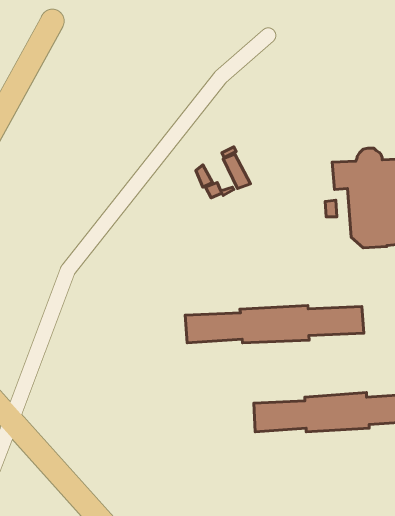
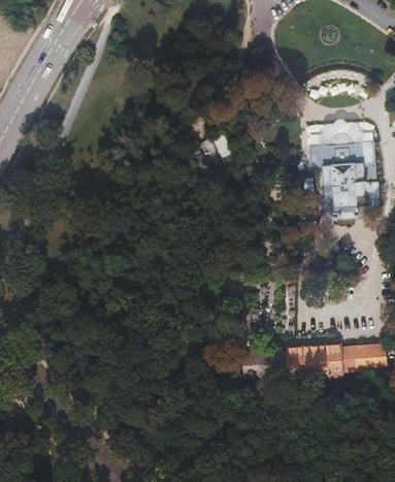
building: [185,305,364,343] -> none

